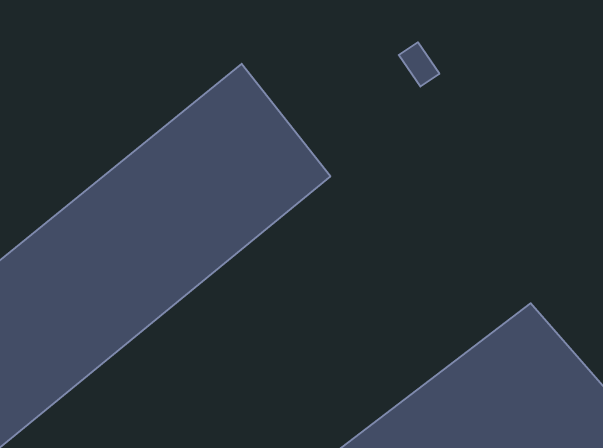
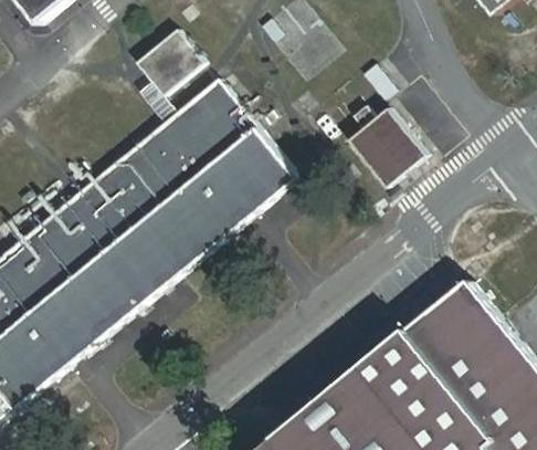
building: none -> [134,32,199,95]
building: none -> [345,111,421,186]

